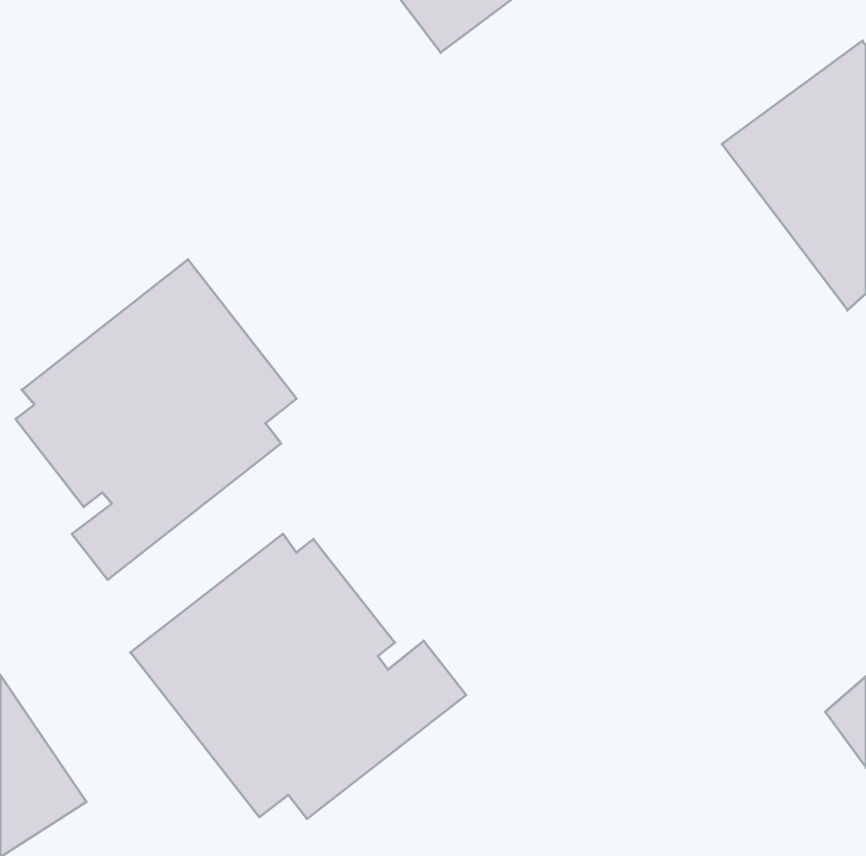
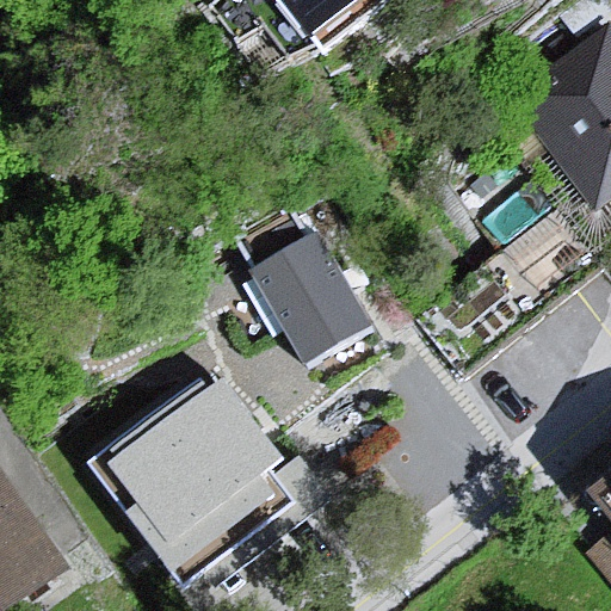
building: [16,259,296,580] -> none
building: none -> [251,227,372,363]

